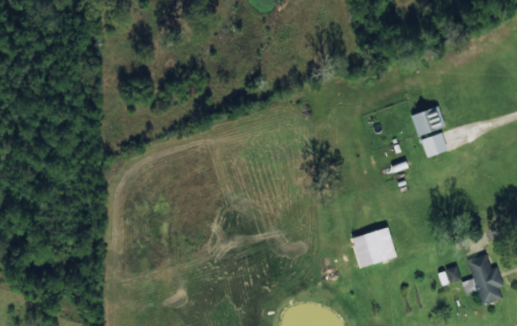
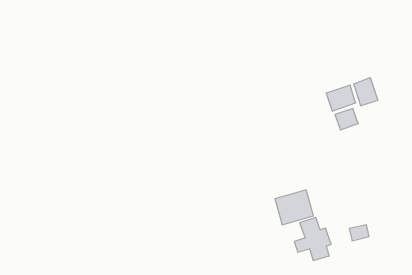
building: none -> [354,78,378,106]
building: [461,255,504,304] -> [294,217,331,260]

